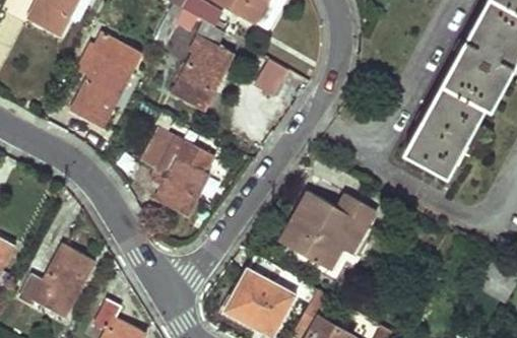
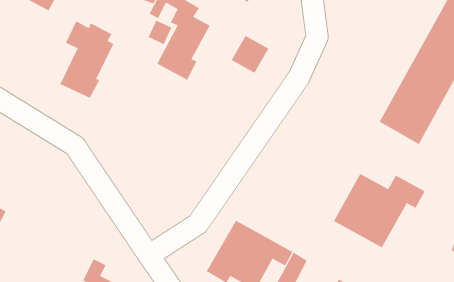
building: [138,125,212,213] -> none
building: [278,191,376,270] -> [333,173,425,248]
building: [19,244,95,316] -> none

